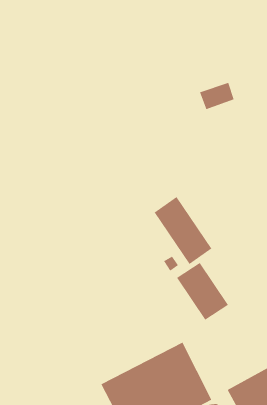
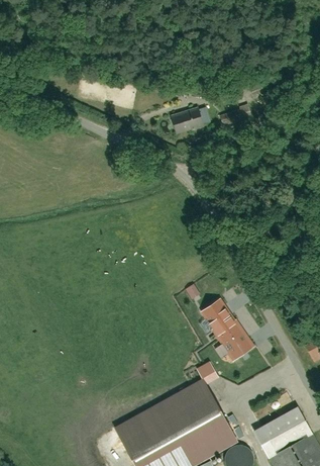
building: none -> [168,107,207,136]
building: [154,196,212,265] -> none

